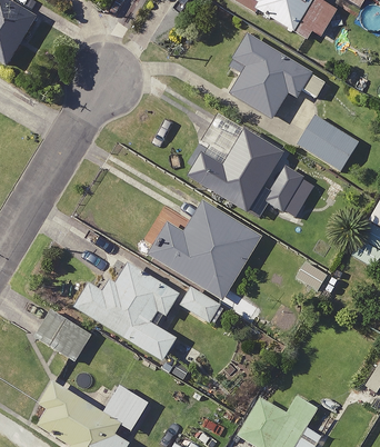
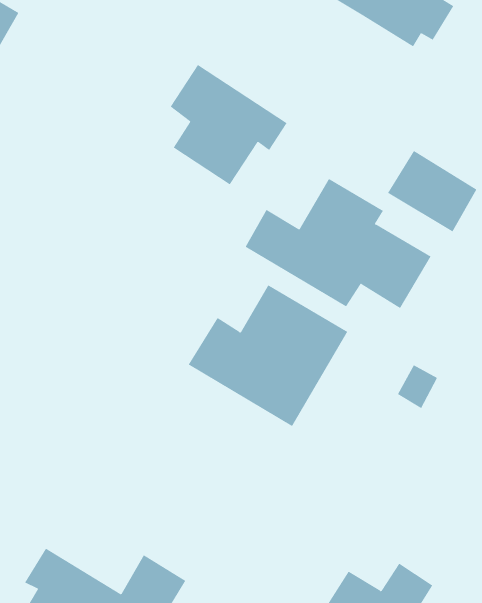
building: [234,37,314,119] -> [170,64,287,185]
building: [78,262,223,362] -> none
building: [39,312,93,361] -> none

